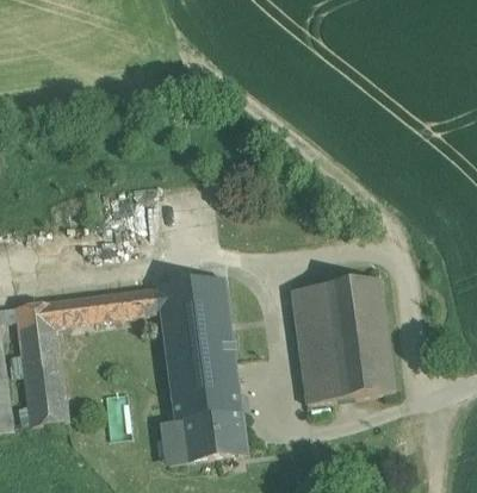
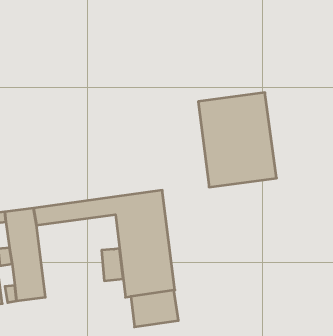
building: [291,276,395,401] -> [198,93,277,187]
building: [159,418,187,461] -> [102,248,123,281]

